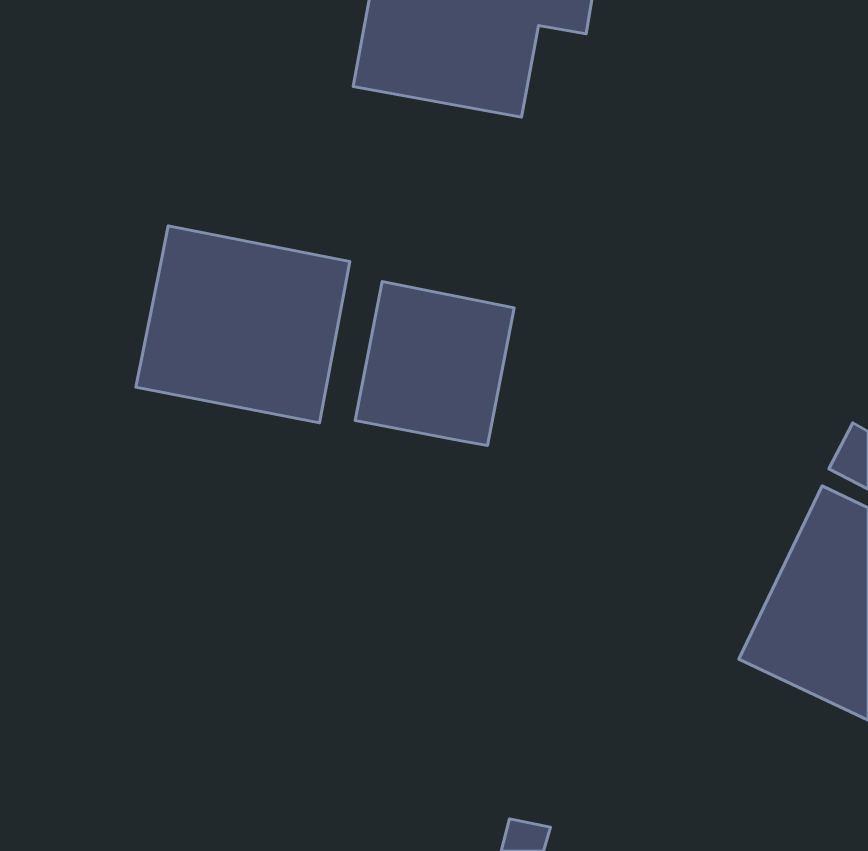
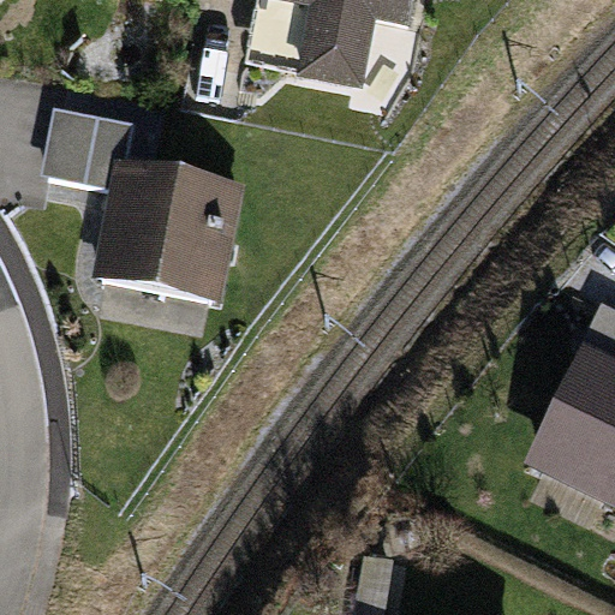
building: none -> [43,103,127,184]
building: [355,281,514,446] -> none

